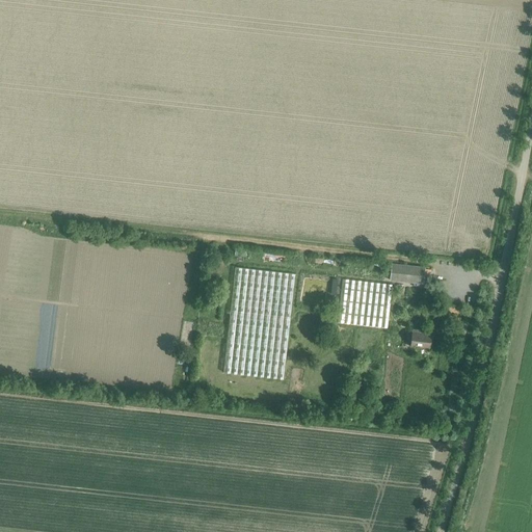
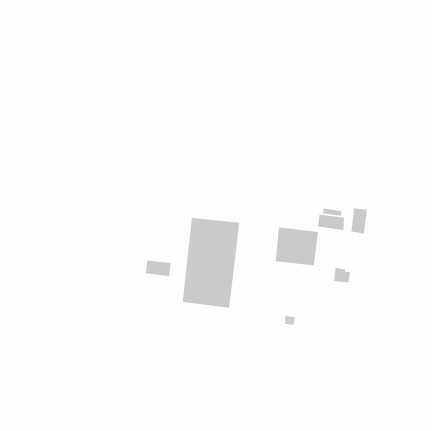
building: none -> [351,207,368,234]
building: none -> [144,260,171,277]

